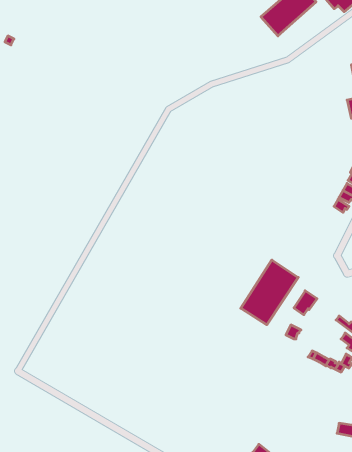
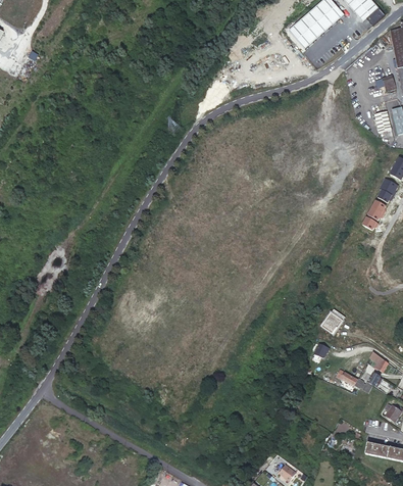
building: [241,260,298,325] -> none

